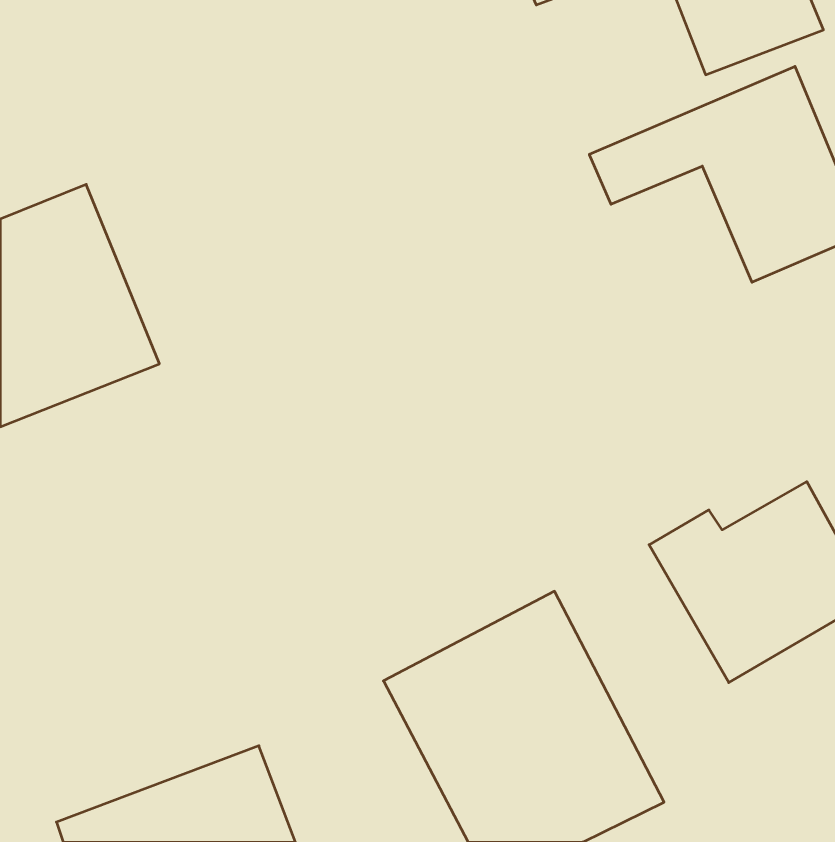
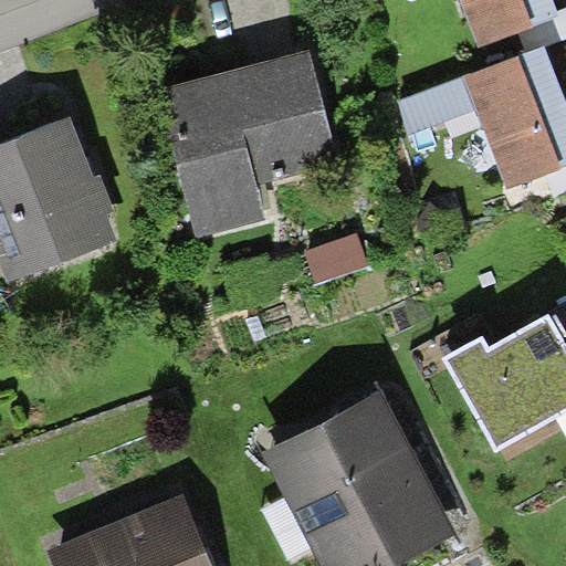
building: none -> [157,49,342,235]

